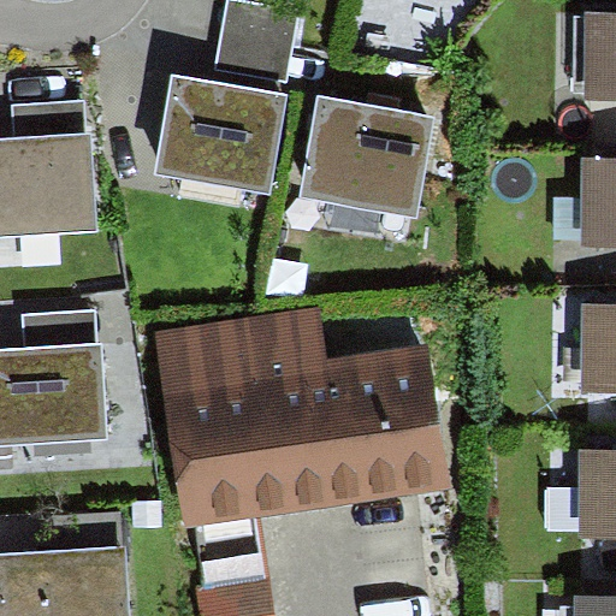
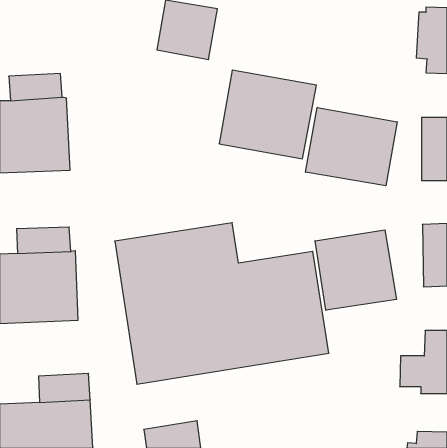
building: [155,73,288,195] -> none
building: none -> [306,107,397,186]
building: none -> [315,230,397,310]

